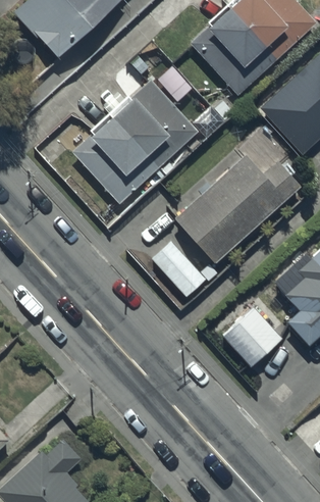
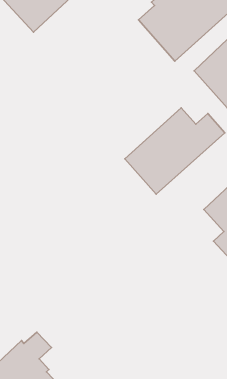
building: [72,82,198,204] -> none
building: [151,240,207,299] -> none
building: [227,306,282,362] -> none

